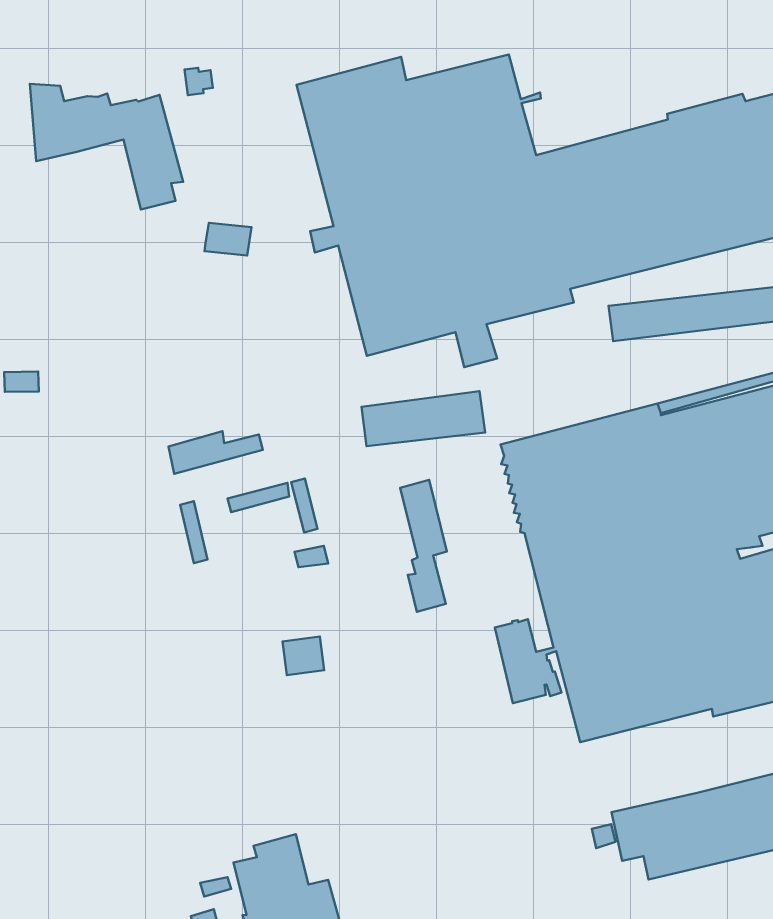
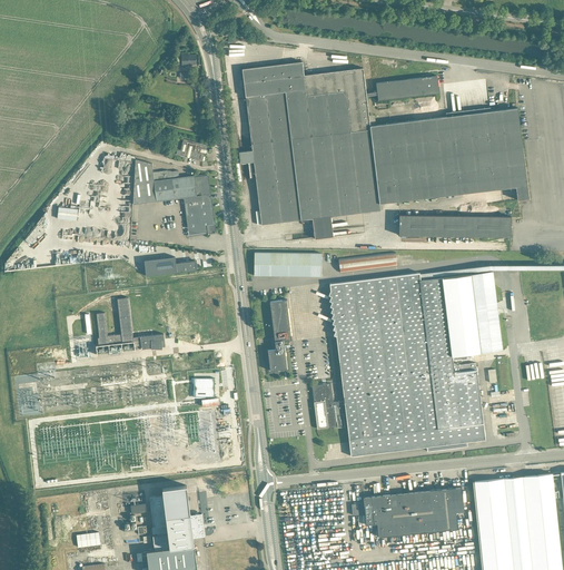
building: none -> [376,77,439,101]
building: [30,84,183,209] -> [133,160,214,238]
building: none -> [96,298,166,356]

